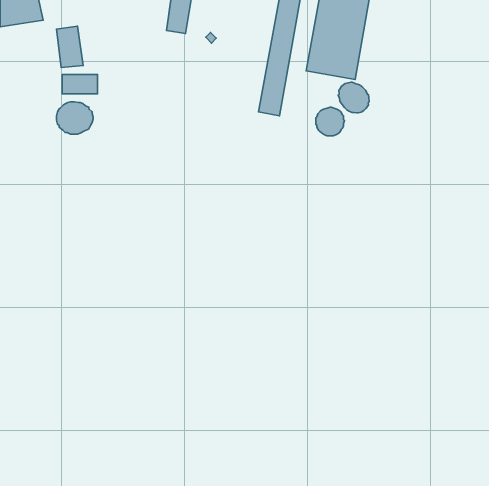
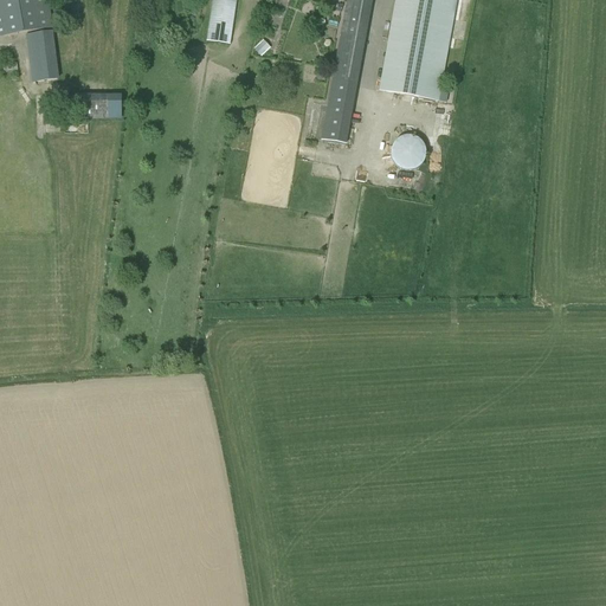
building: [56,26,83,67] -> [26,28,59,79]
building: [338,82,369,113] -> none
building: [57,102,93,134] -> none

